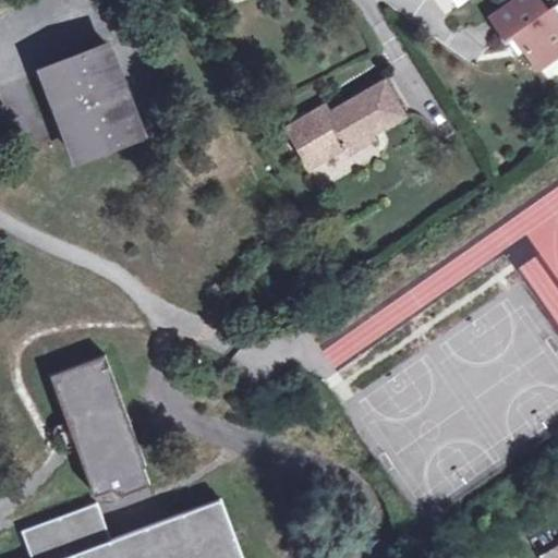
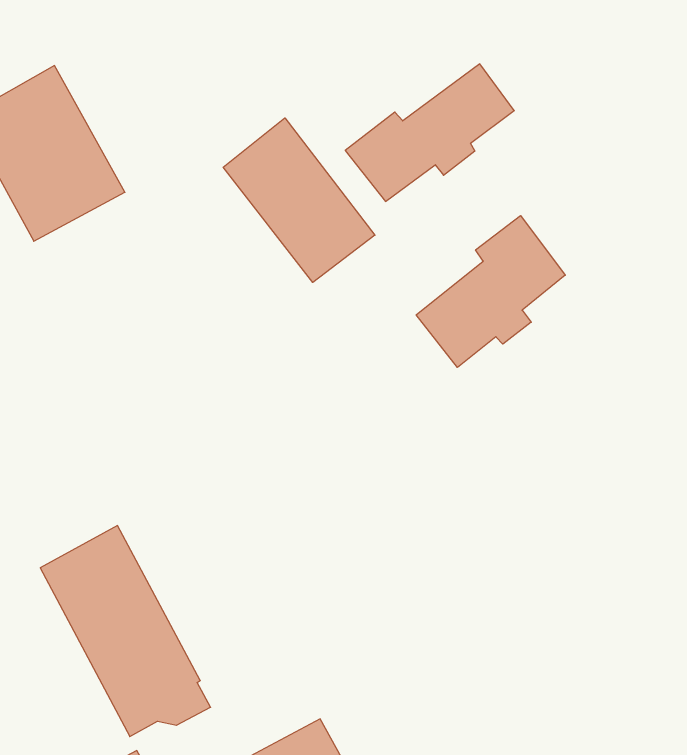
building: none -> [223,118,375,282]
building: none -> [416,216,565,367]

